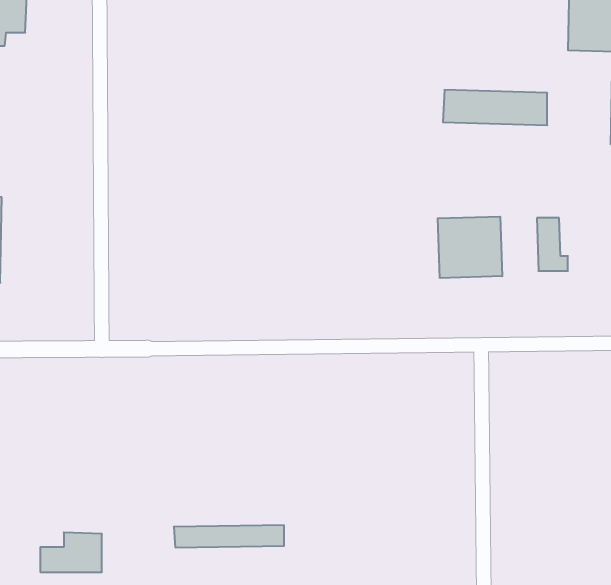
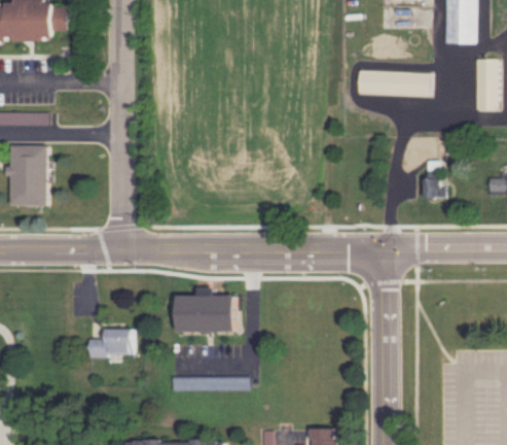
building: [438,217,502,278] -> none
building: none -> [176,296,234,333]
building: [40,532,102,572] -> [88,329,132,356]

